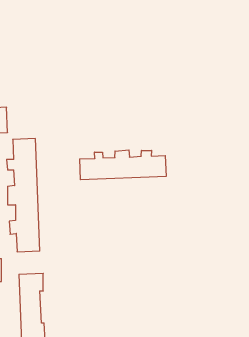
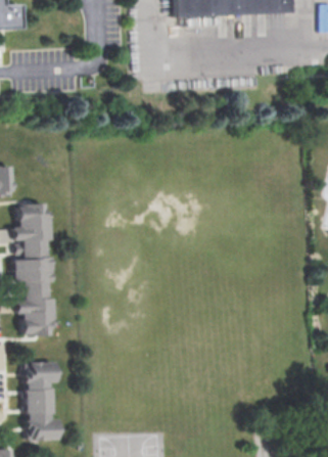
building: [80,150,166,180] -> none

